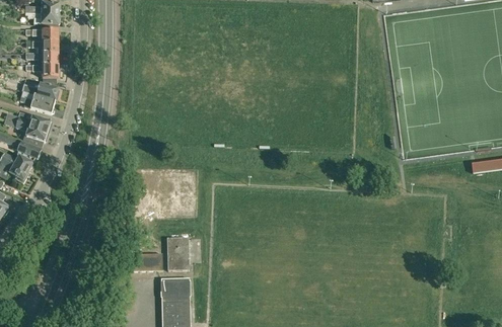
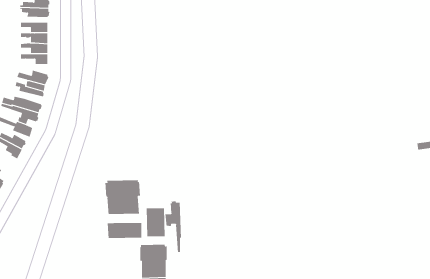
building: none -> [105,179,140,215]
building: none -> [165,201,181,253]

